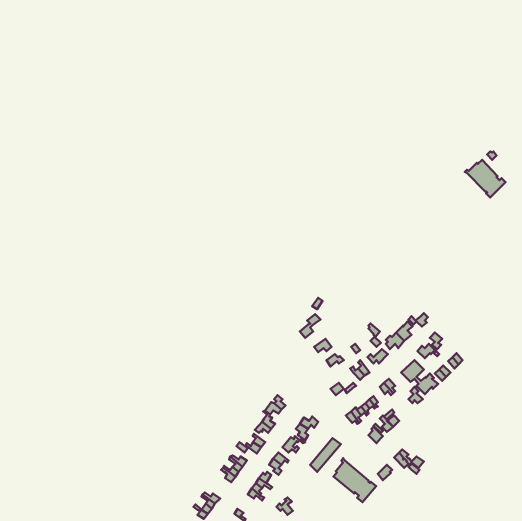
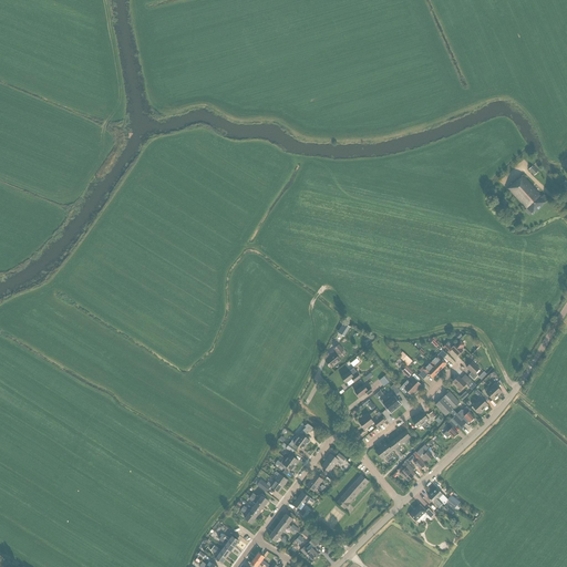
building: [333,458,376,502] -> none

